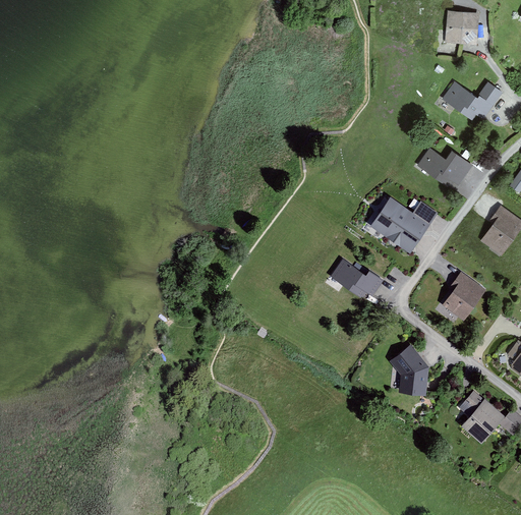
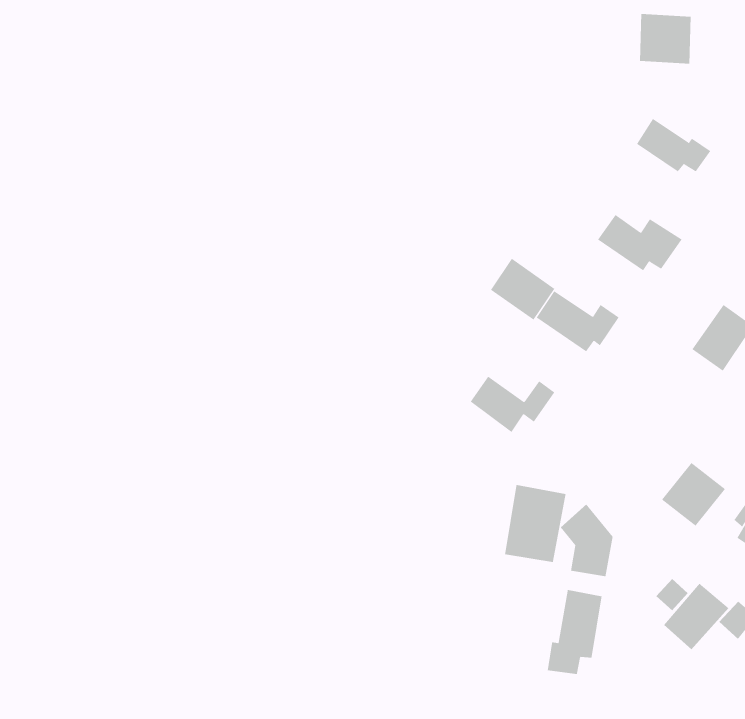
building: none -> [490,258,555,321]
building: [441,277,484,321] -> [661,462,726,526]
building: none -> [505,484,566,563]
building: none -> [547,589,602,675]

